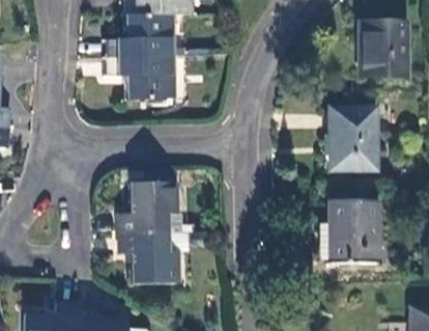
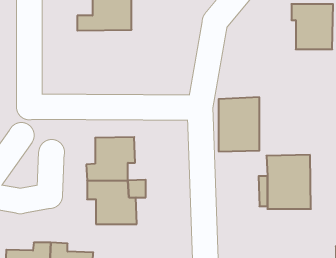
building: [108,56,172,100] -> none
building: [328,109,376,172] -> [219,97,259,151]

